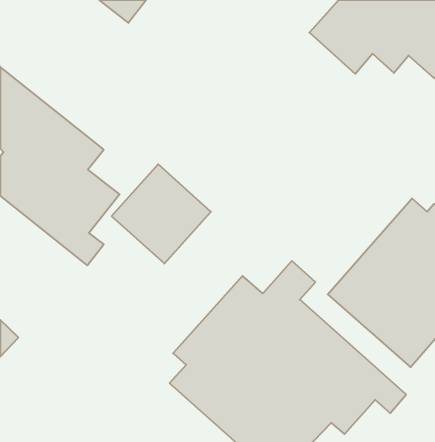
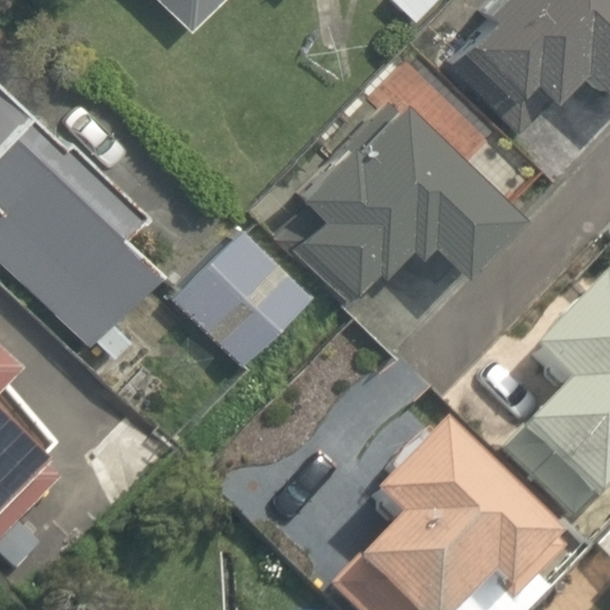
building: none -> [276,104,517,311]

